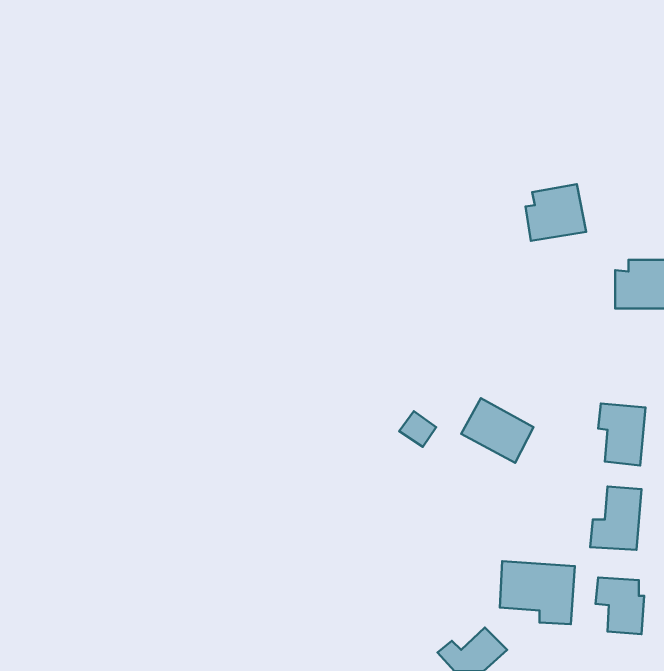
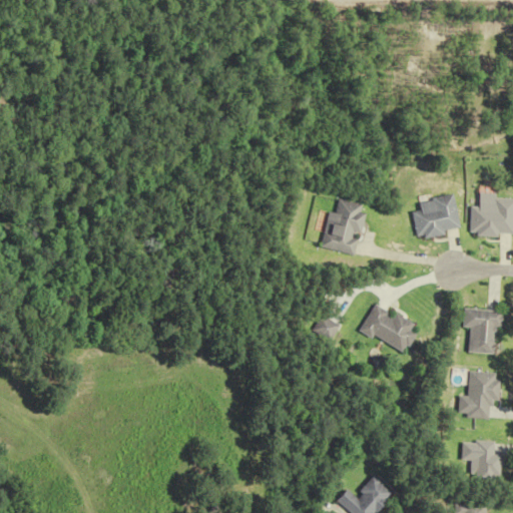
building: [526,184,586,241] -> [417,193,463,236]
building: none -> [326,198,370,253]
building: [500,561,575,624] -> none

